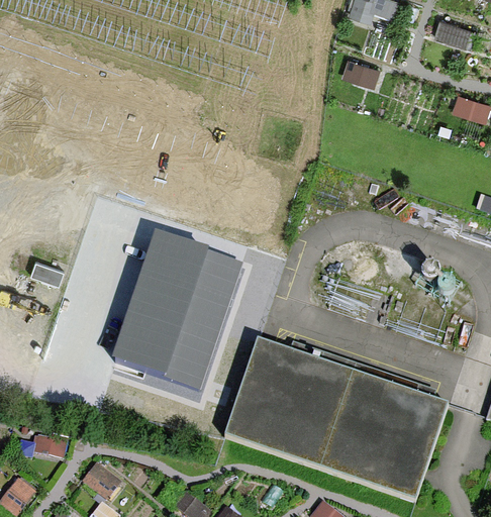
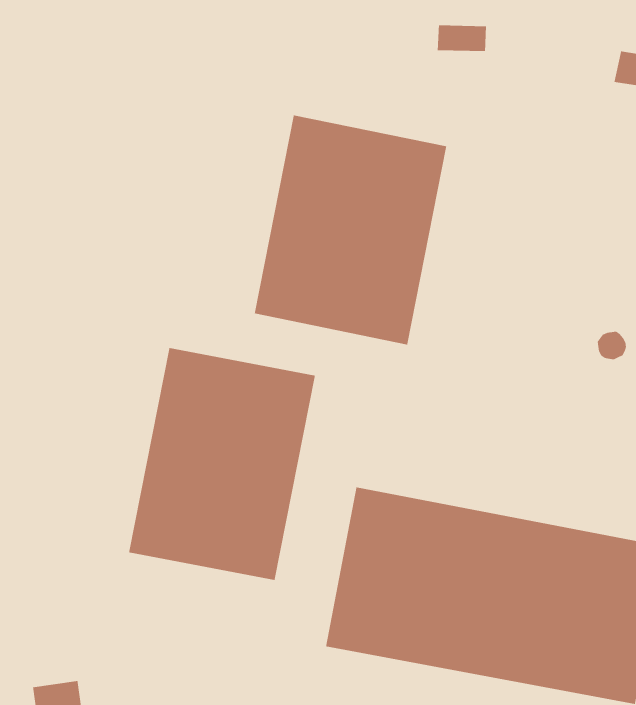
building: none -> [254,114,447,345]

